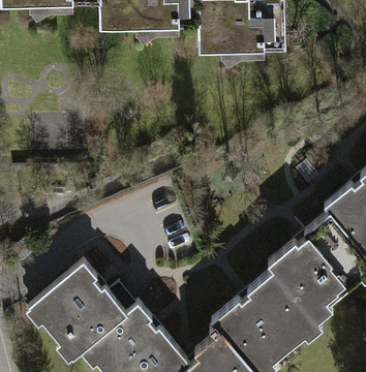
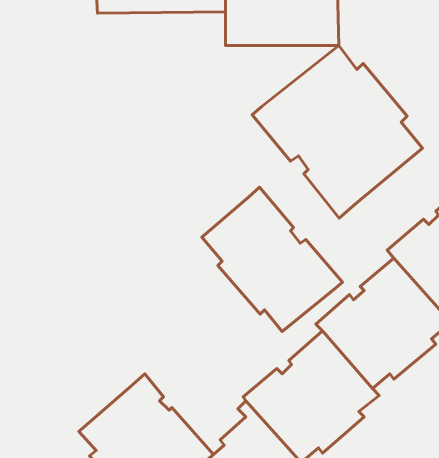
building: none -> [252,46,422,218]
building: none -> [202,187,343,332]
building: [35,265,127,358] -> none

